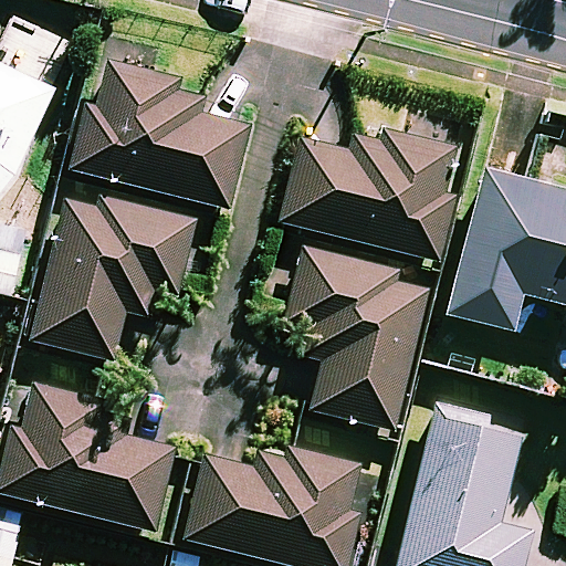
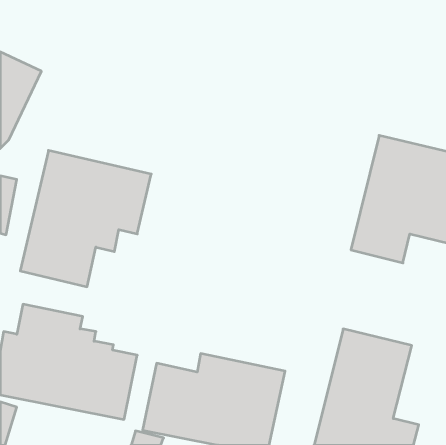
building: [71,60,250,208] -> none
building: [279,128,460,265] -> none
building: [284,247,431,430] -> none

